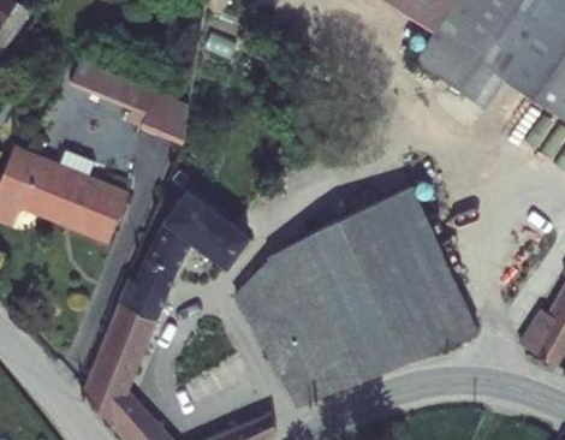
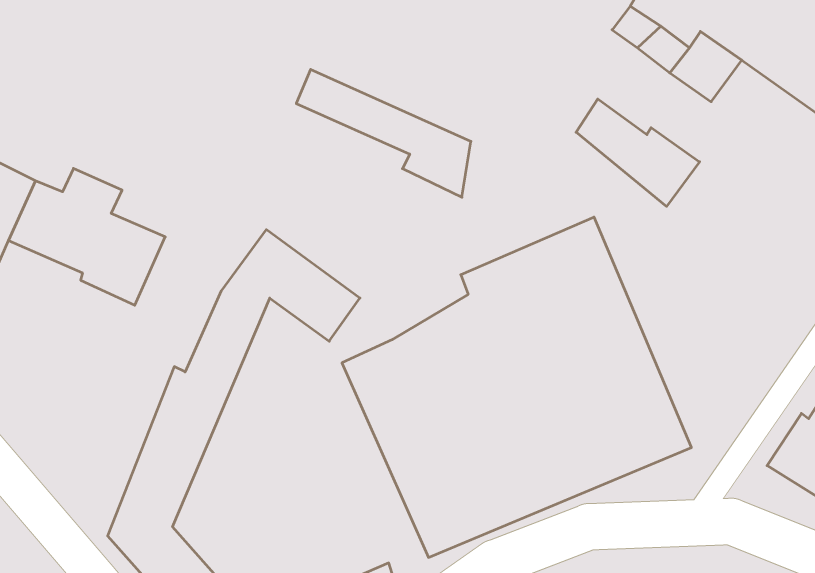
building: [70,60,186,145] -> [296,69,471,197]
building: none -> [576,99,700,206]

